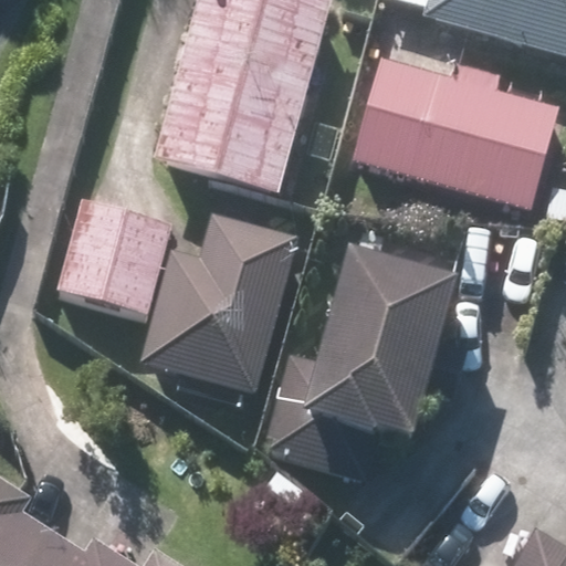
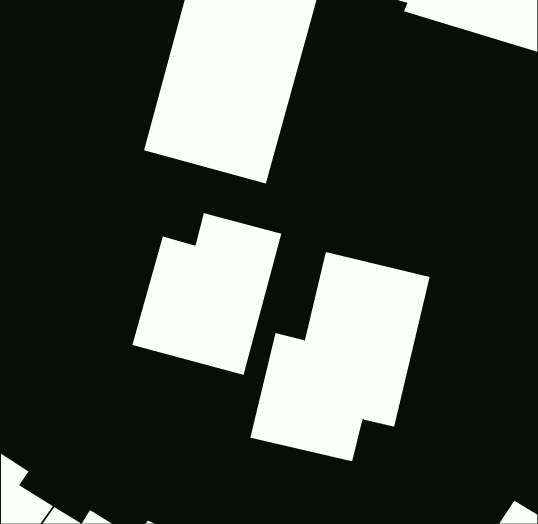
building: [356,61,554,211] -> none
building: [57,196,169,312] -> none

